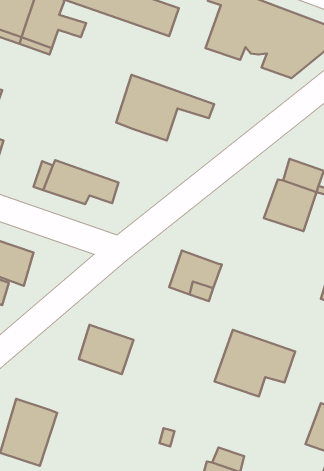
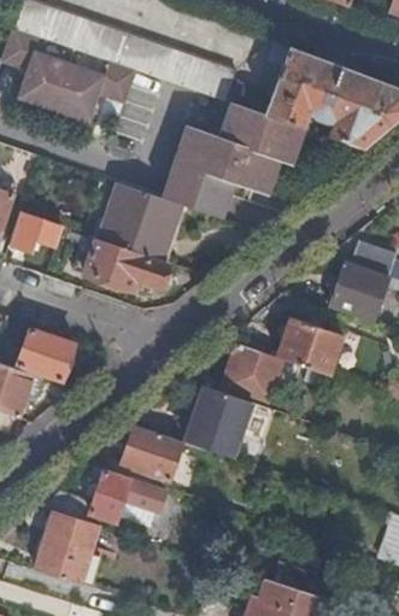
building: none -> [182,104,304,177]
building: none -> [101,183,183,260]
building: none -> [278,316,344,374]
building: [215,330,295,397] -> [184,383,275,458]
building: none -> [43,469,166,526]

